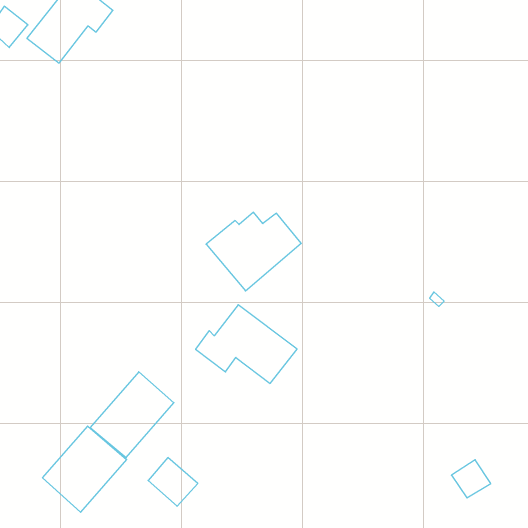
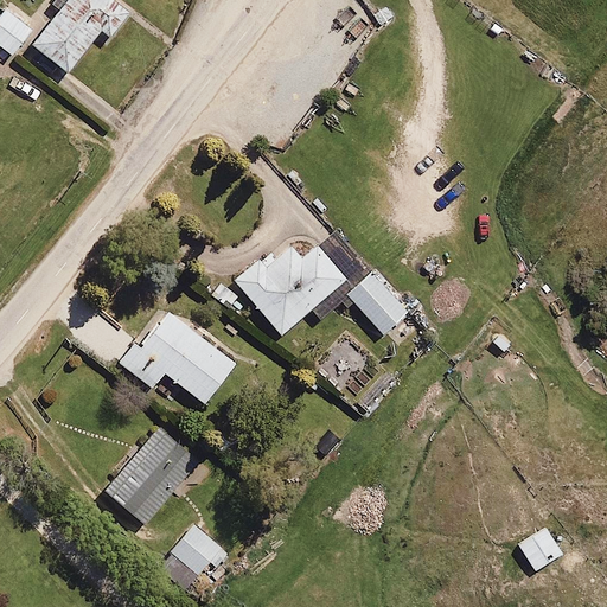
building: none -> [345,271,407,333]
building: [196,305,297,383] -> [119,312,235,402]
building: [43,426,127,512] -> none

